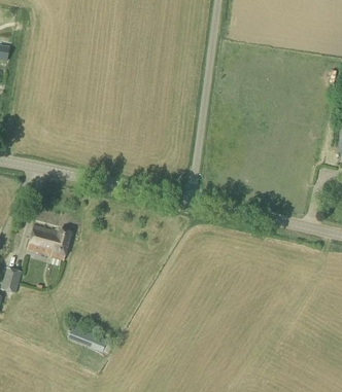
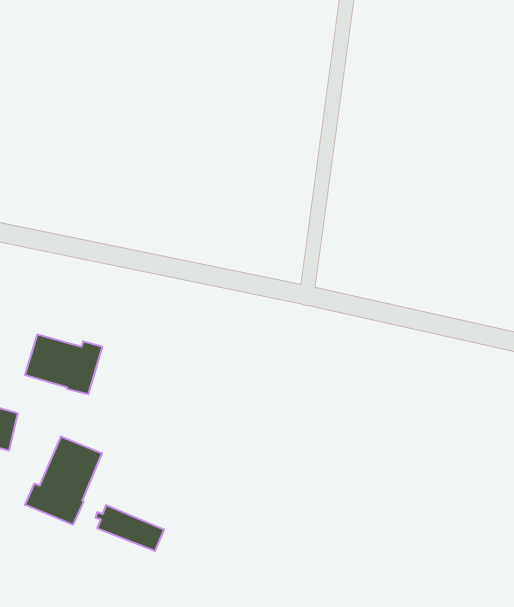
building: none -> [25,436,102,525]

